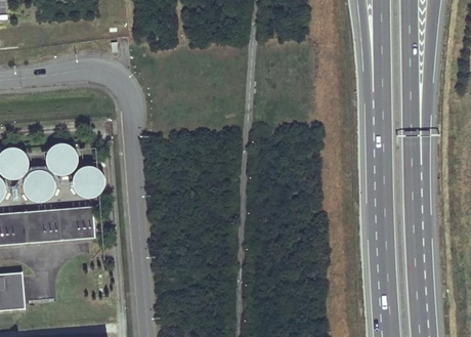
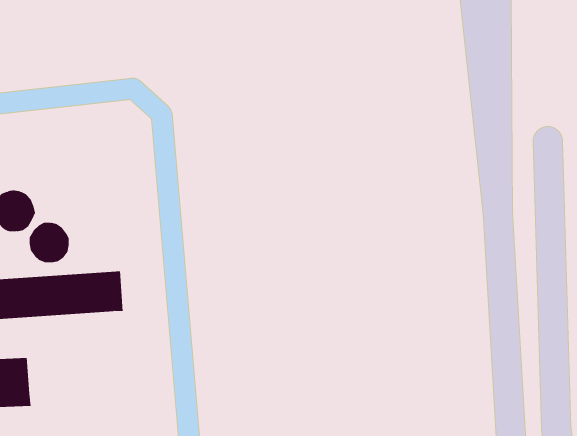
building: [46,142,76,171] -> none
building: [71,166,103,198] -> none

